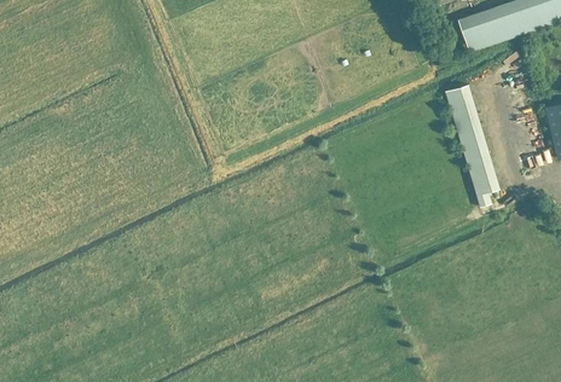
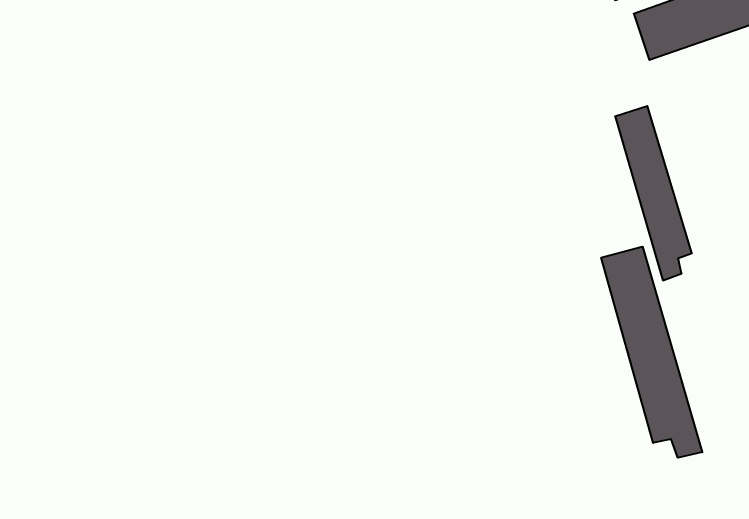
building: none -> [601,247,702,458]

